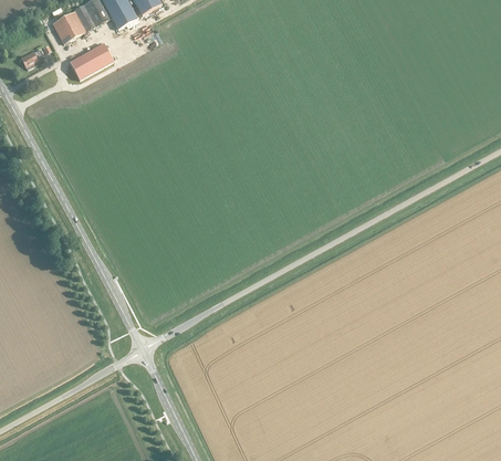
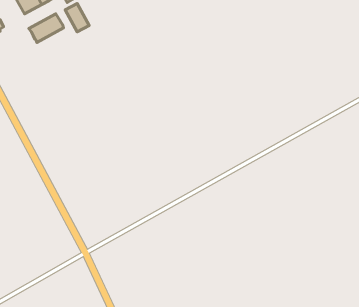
building: none -> [65,3,89,32]

